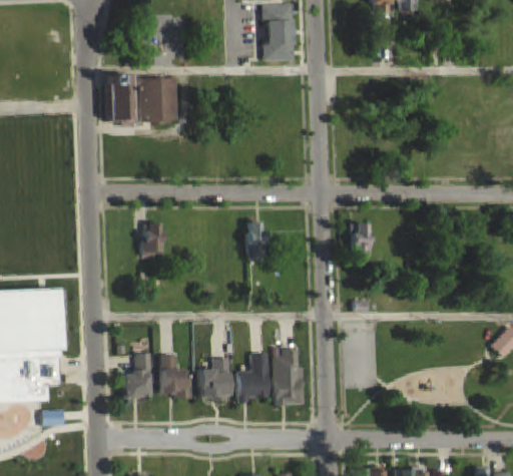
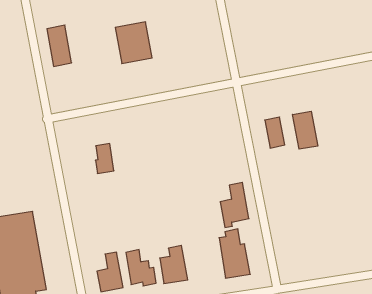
building: [139,77,177,122] -> [115,22,152,64]
building: [247,221,266,259] -> none
building: none -> [293,111,318,149]
building: [237,353,269,403] -> [220,182,249,227]

